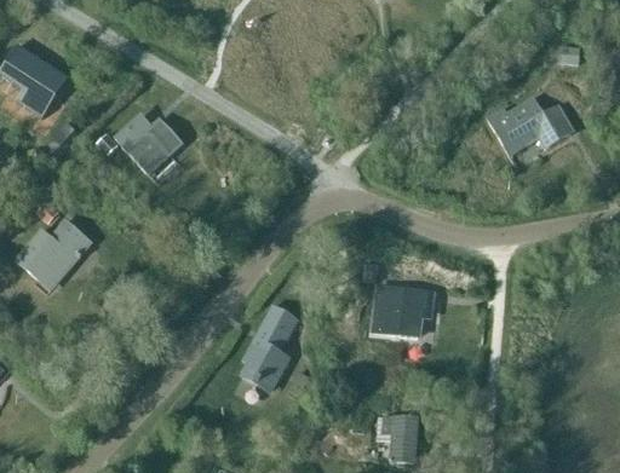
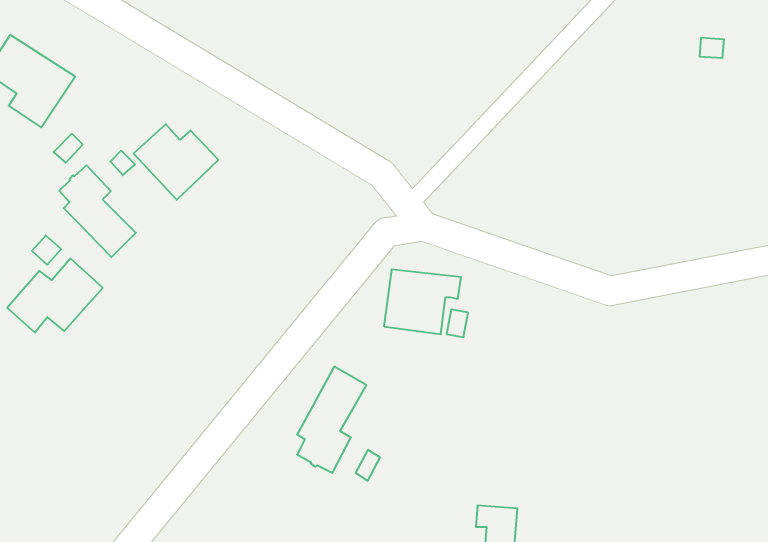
building: [486,97,575,156] -> none
building: none -> [59,165,136,257]
building: [373,285,434,336] -> [384,269,461,334]

